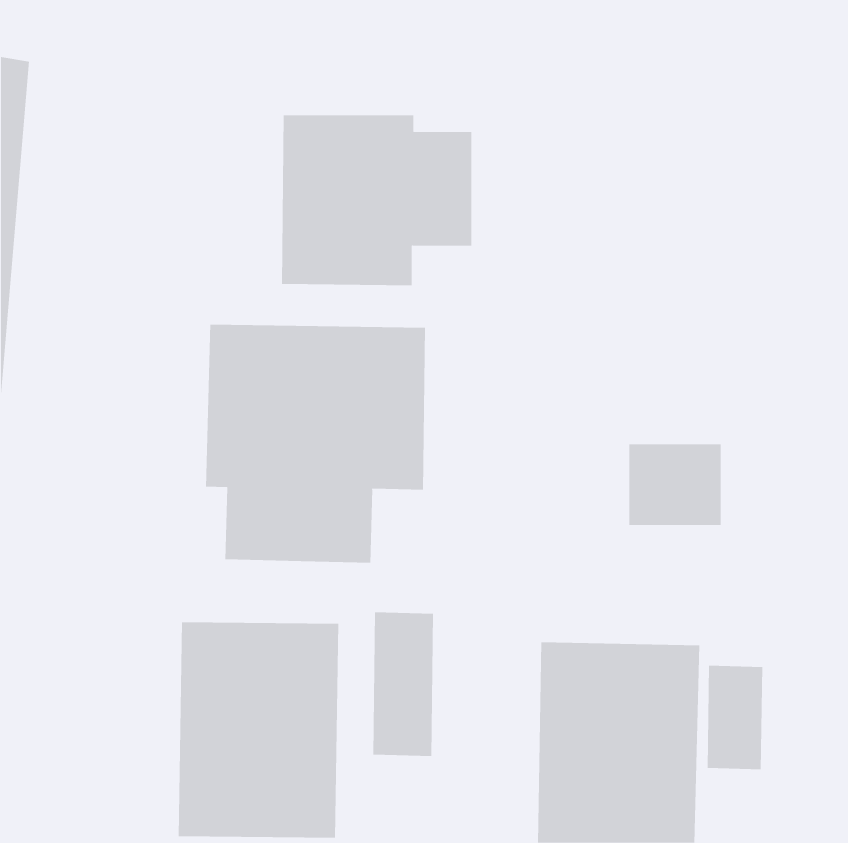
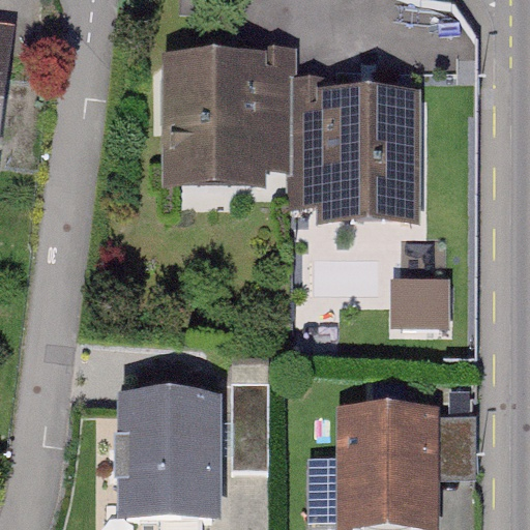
building: none -> [295,109,413,215]
building: [206,324,425,564] -> none

